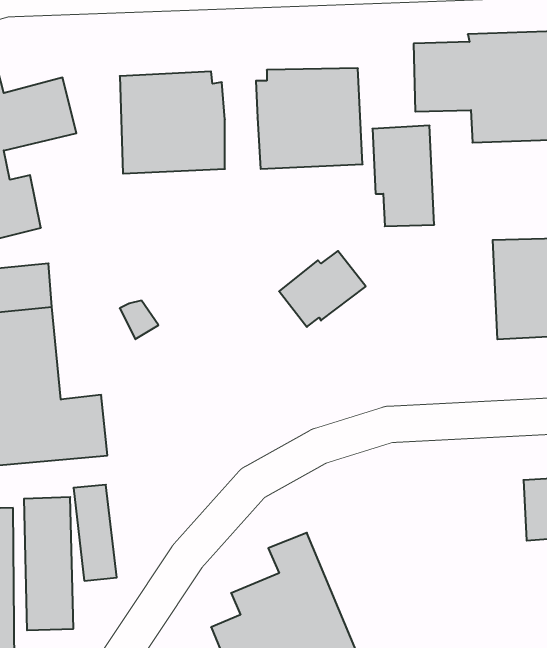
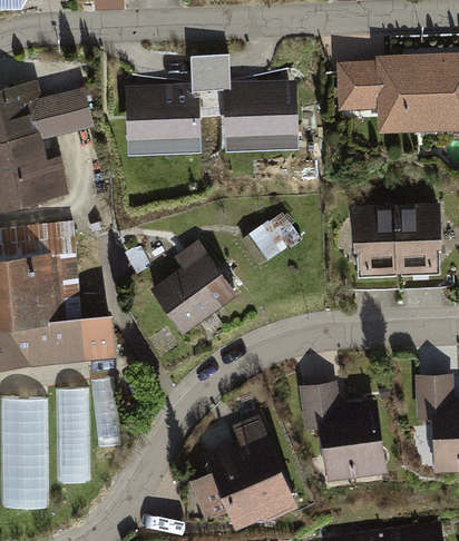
building: none -> [188,55,230,117]
building: [372,126,434,226] -> [351,204,395,276]
building: none -> [148,240,237,336]
building: none -> [297,381,387,482]

